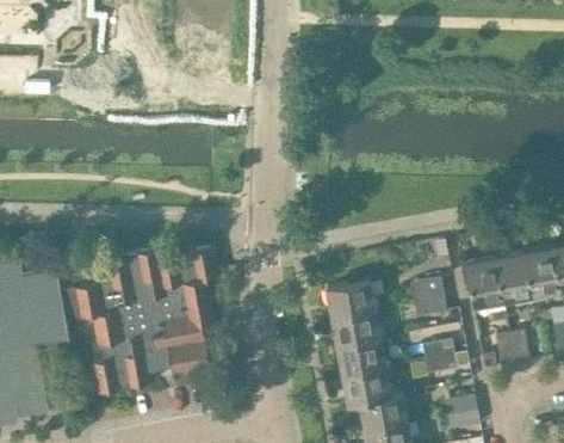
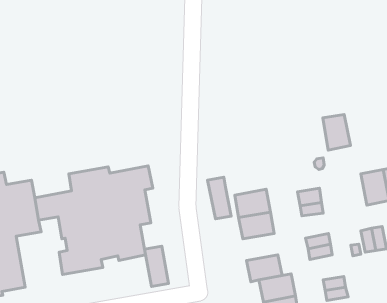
building: [467,259,504,307] -> [323,114,350,150]
building: none -> [207,177,231,219]
building: [339,339,385,375] -> none
building: none -> [145,246,169,286]

